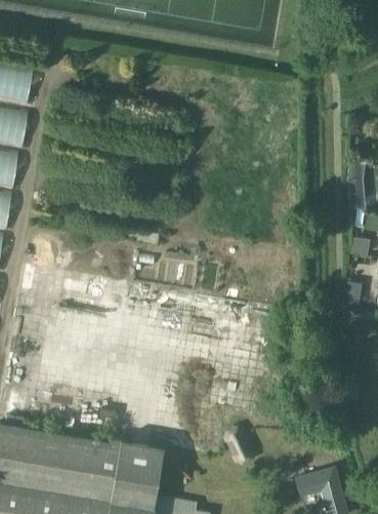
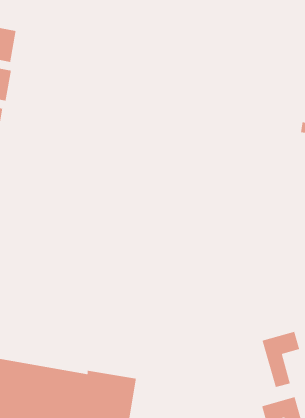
building: none -> [262,331,300,388]

